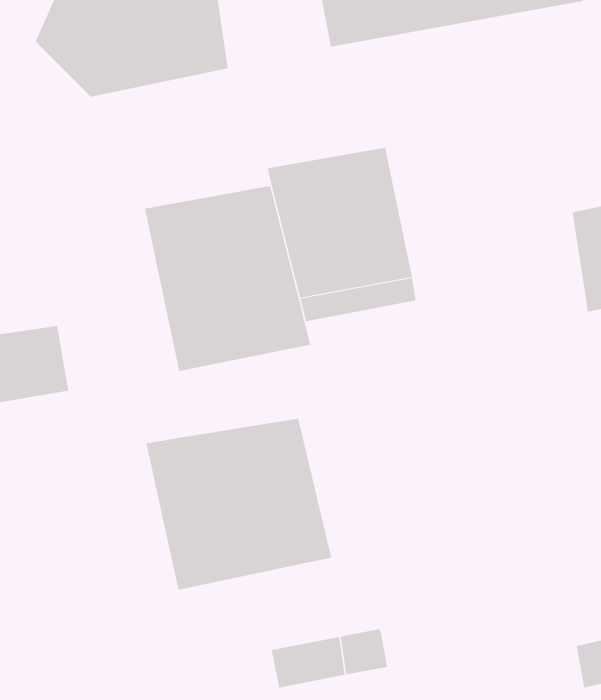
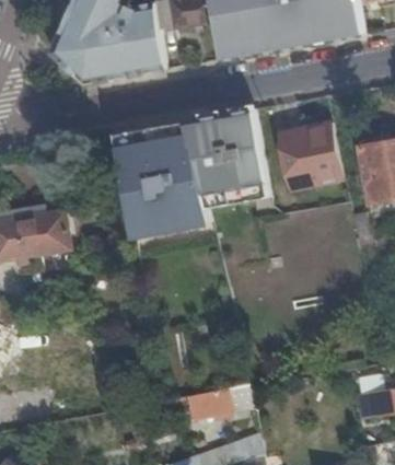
building: none -> [272,123,341,190]
building: [146,418,332,591] -> none

